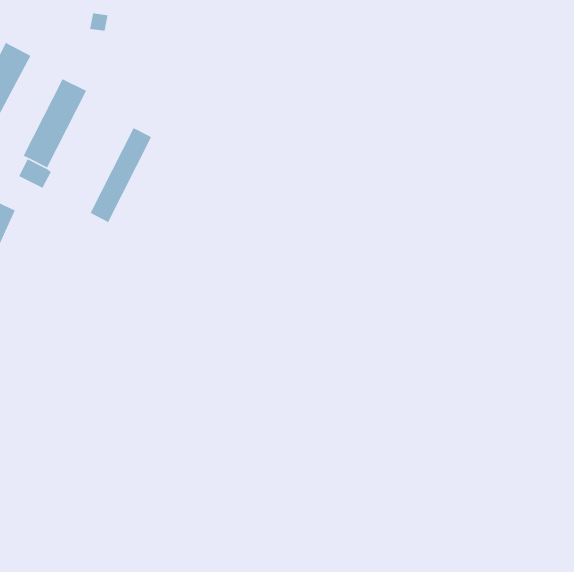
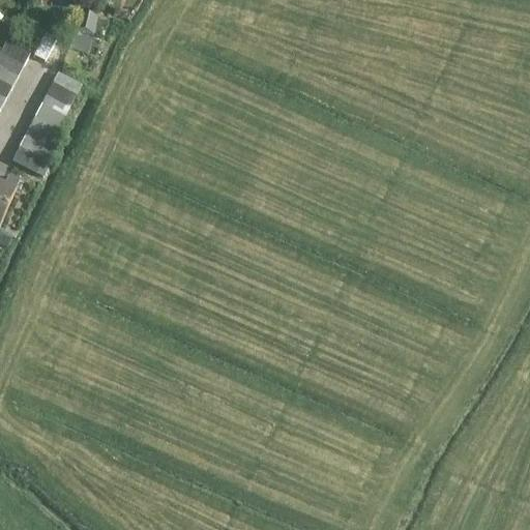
building: [90,127,152,223] -> none

